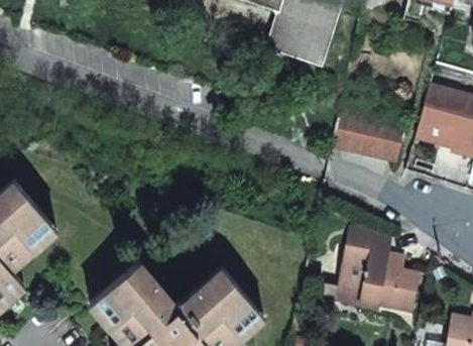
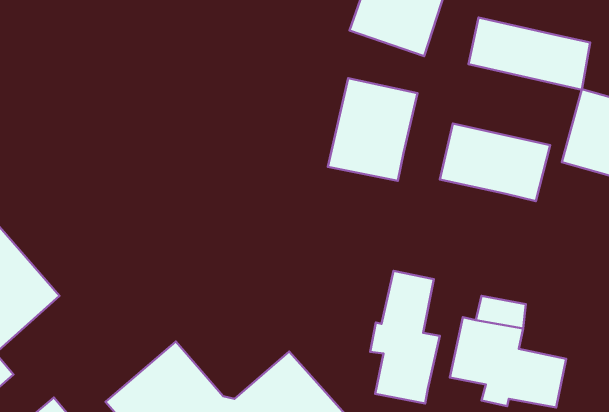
building: none -> [469,18,590,90]
building: none -> [328,78,417,181]
building: none -> [370,271,440,404]

